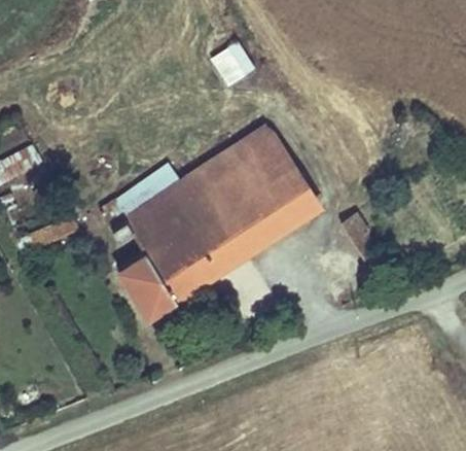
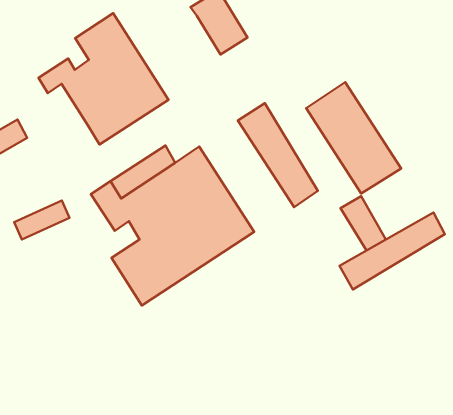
building: none -> [38,13,169,145]
building: [206,142,296,248] -> [306,82,401,193]
building: none -> [339,213,445,289]

